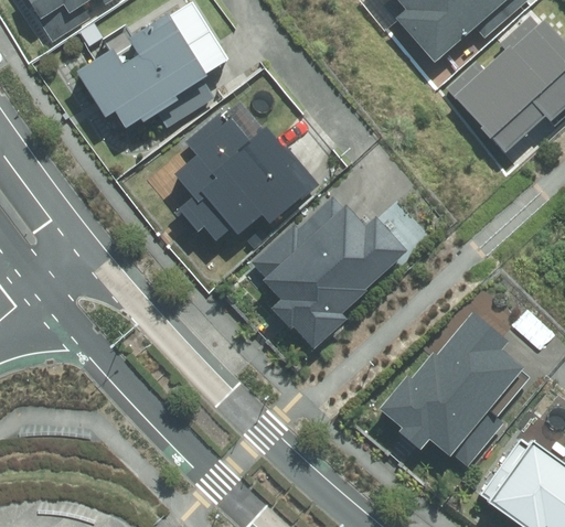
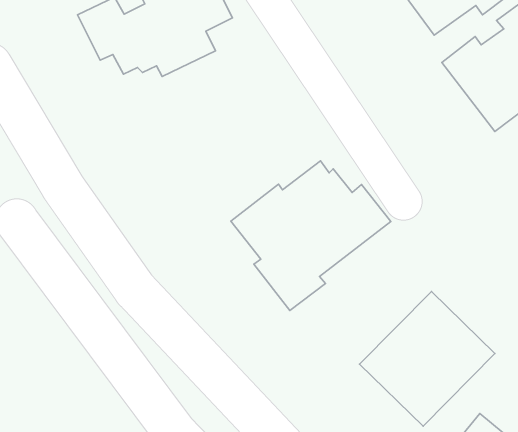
building: [172,118,311,250] -> none

